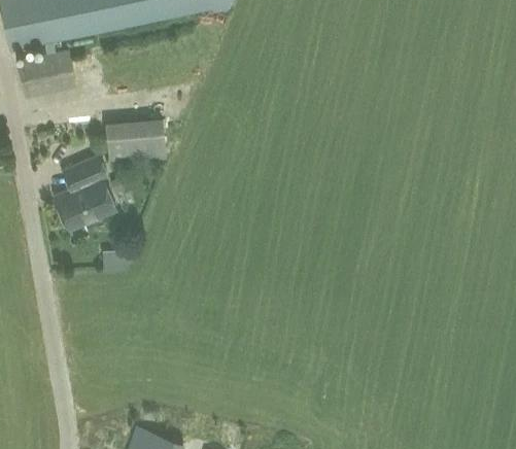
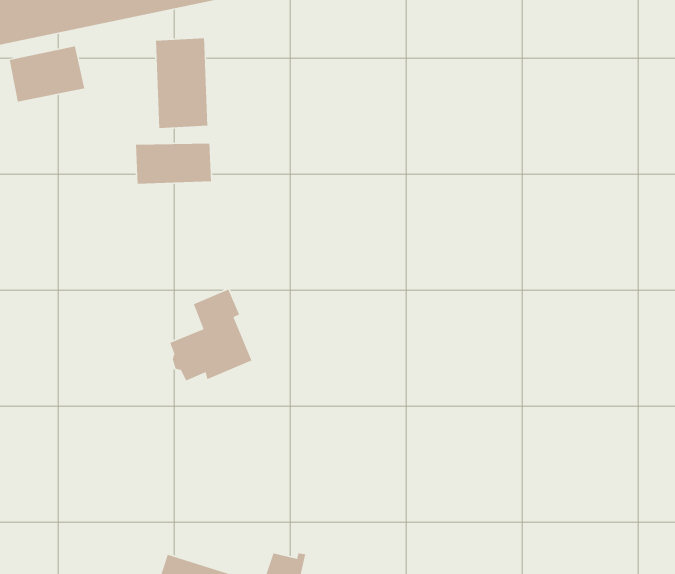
building: none -> [155,37,208,129]
building: [54,157,115,226] -> [169,288,253,382]

